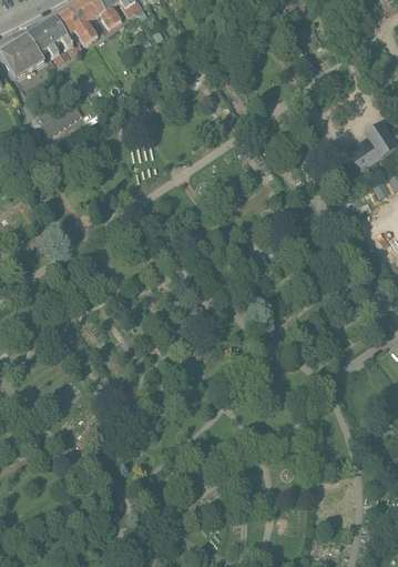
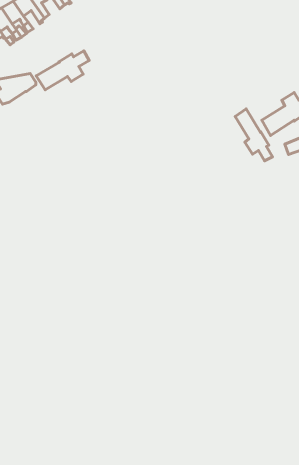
building: none -> [36,51,89,90]
building: none -> [235,109,273,161]

